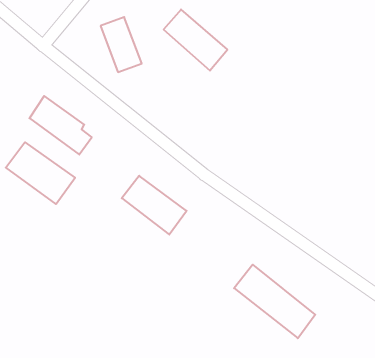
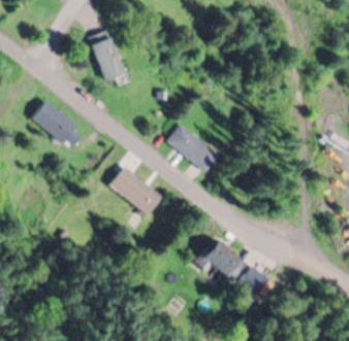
building: [164,9,227,71] -> [166,123,219,173]
building: [6,142,75,204] -> none

